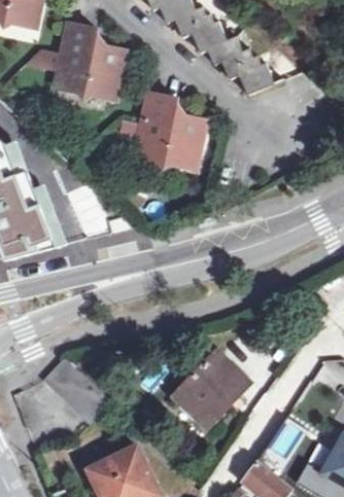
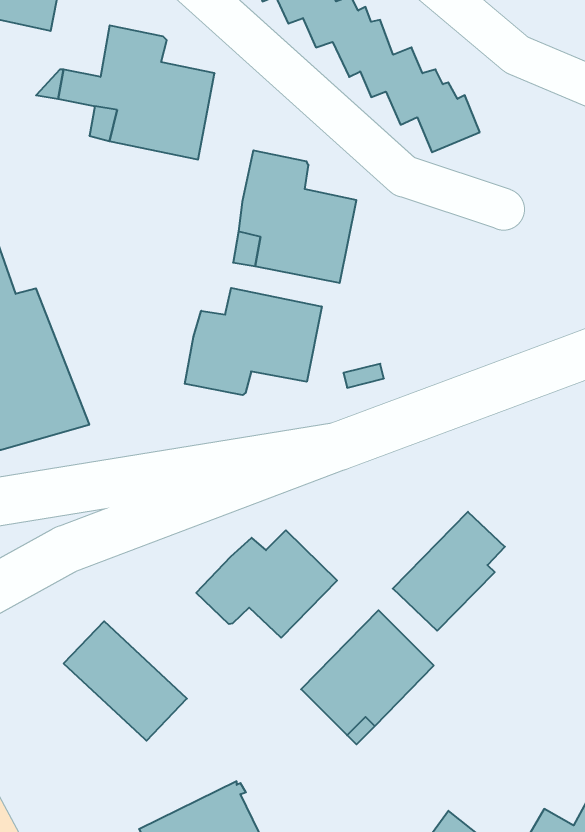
building: none -> [185,288,322,395]
building: none -> [393,512,505,631]
building: none -> [196,530,337,638]

